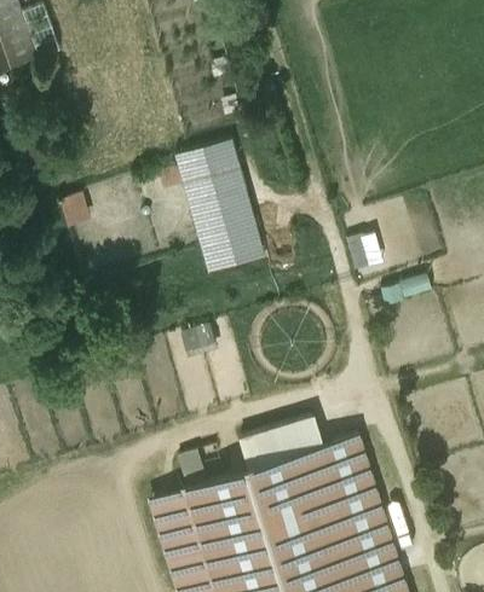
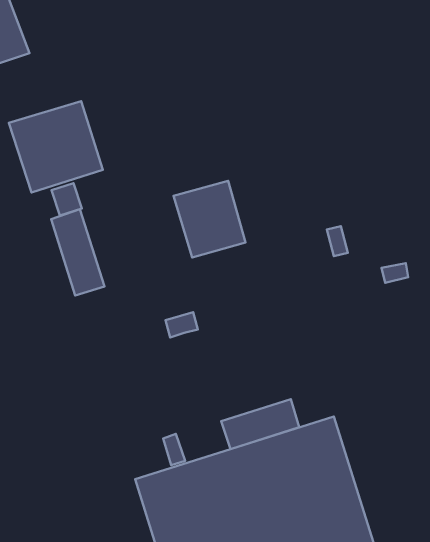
building: none -> [9,101,103,193]
building: [174,139,246,205] -> none
building: none -> [51,209,105,295]

